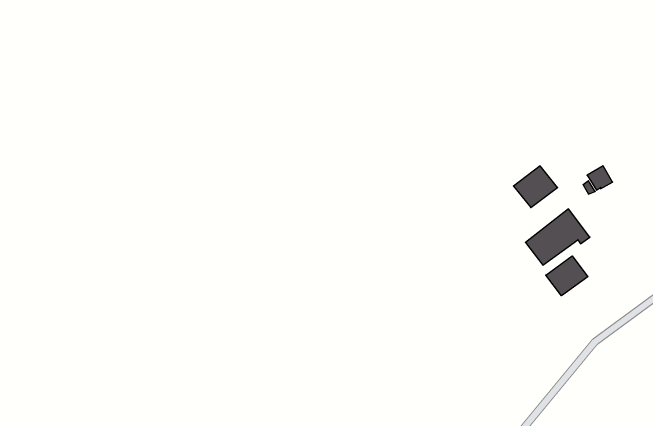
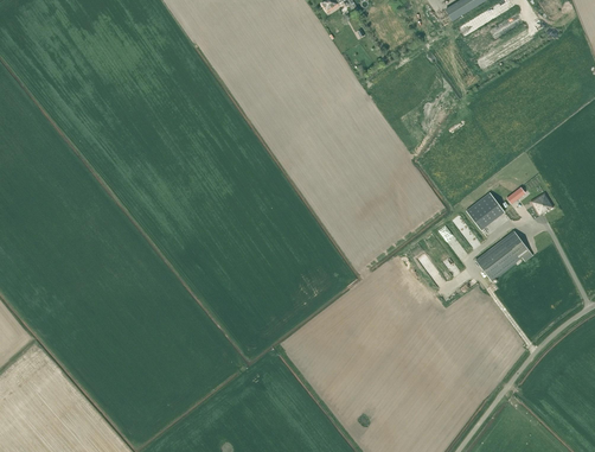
building: [546,256,588,296] -> none

